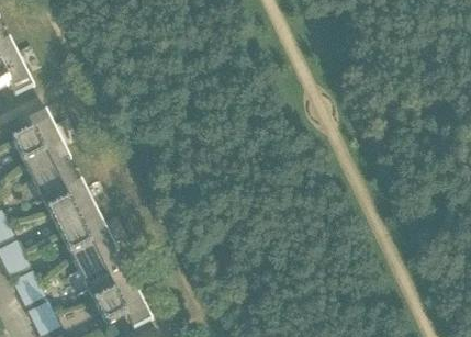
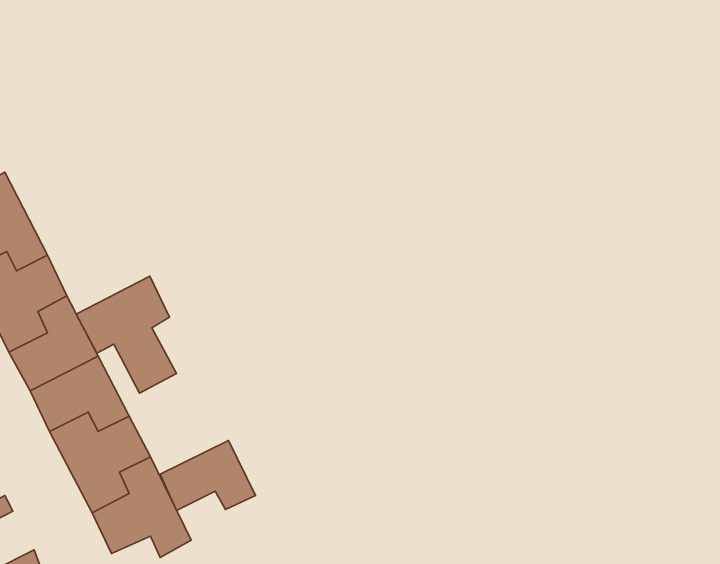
building: none -> [76,276,177,393]
building: none -> [160,441,255,511]

